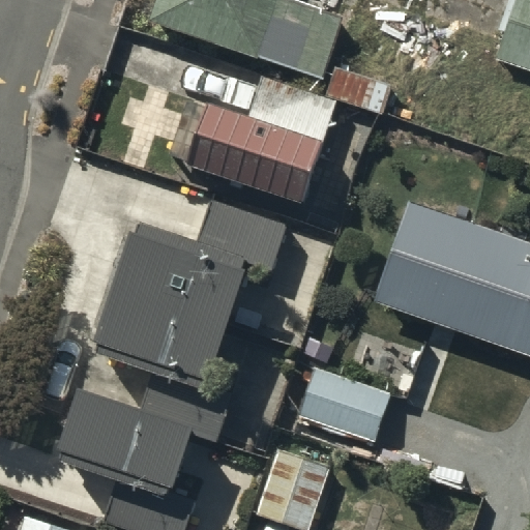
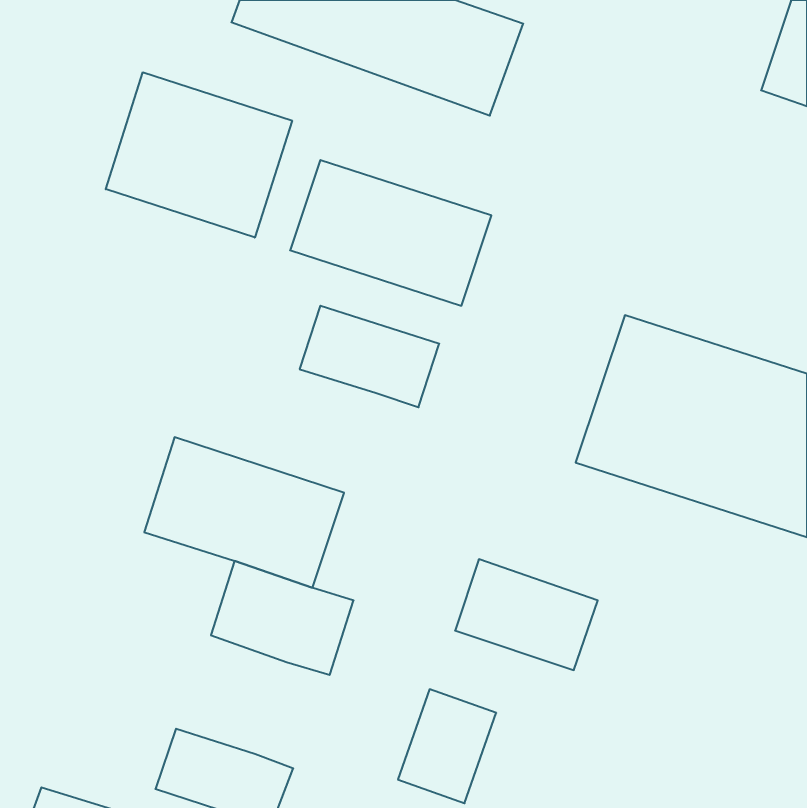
building: none -> [106,72,292,238]
building: [114,223,245,323] -> none
building: [56,396,187,494] -> none

